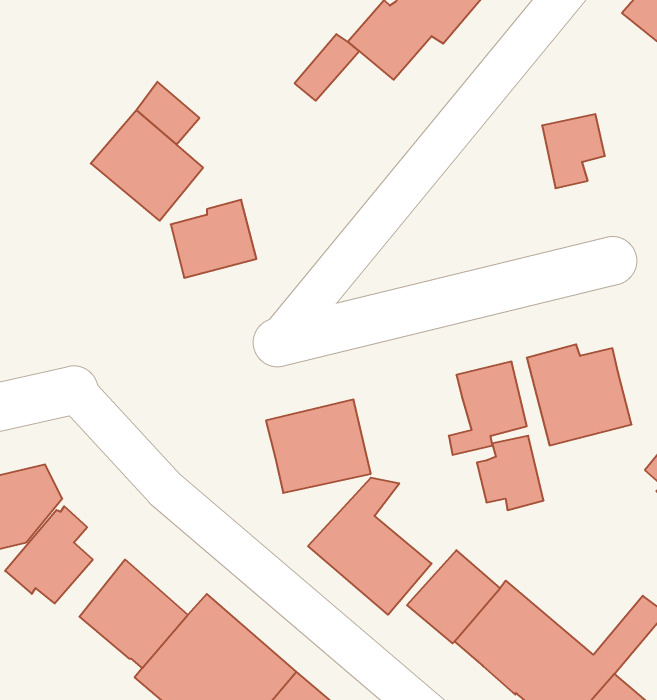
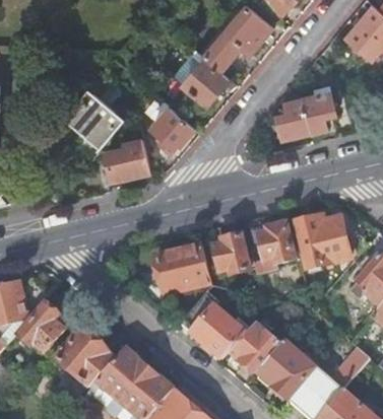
building: none -> [183,59,230,106]
building: none -> [278,98,311,139]
building: none -> [152,107,196,152]
building: [477,436,544,510] -> [215,235,251,275]

